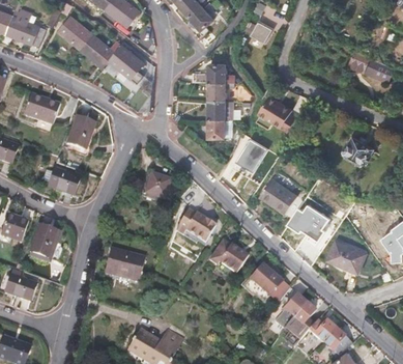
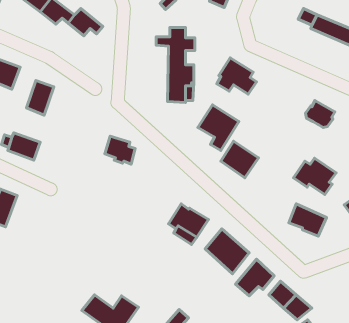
building: [287,206,329,243] -> [293,158,336,195]
building: [174,207,214,242] -> none
building: [104,248,144,280] -> none

